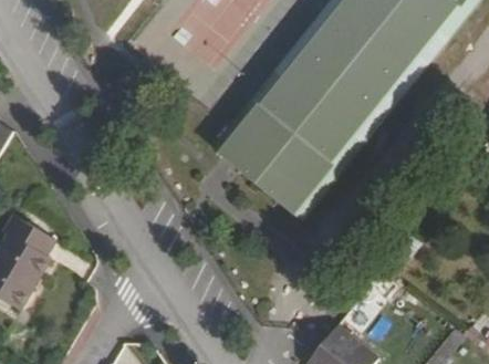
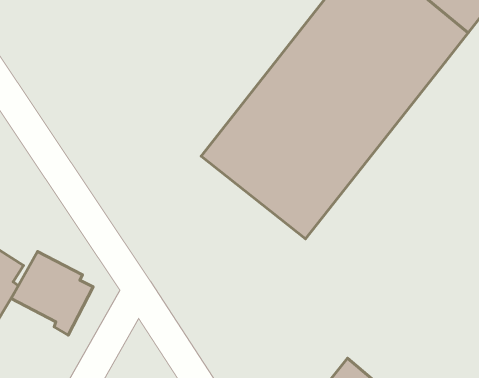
building: none -> [11,252,93,335]

